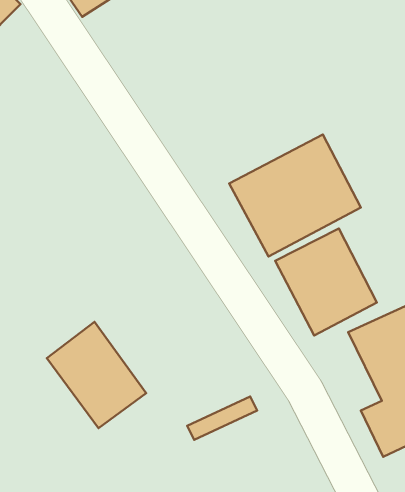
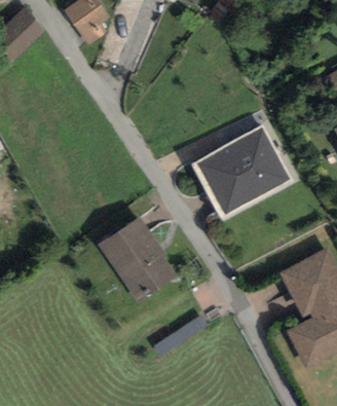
building: [275,229,377,336] -> none
building: [47,322,146,428] -> [100,219,173,297]

